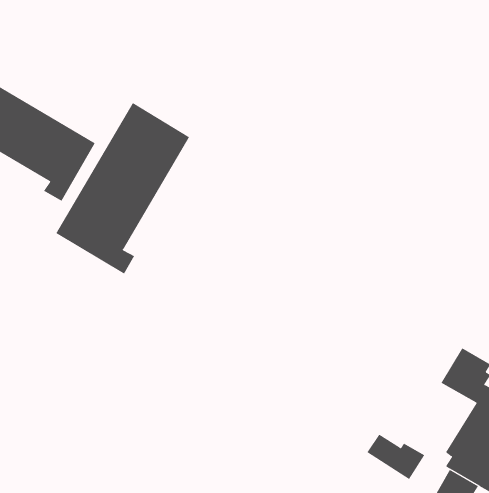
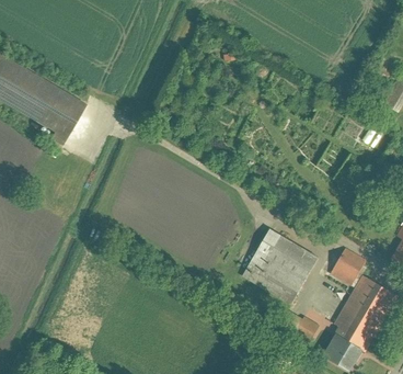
building: [55,102,190,274] -> none
building: none -> [242,229,320,306]

